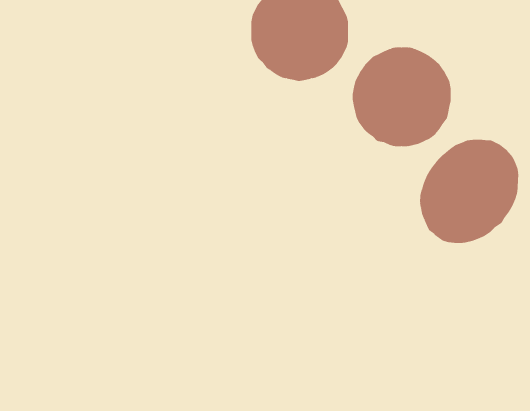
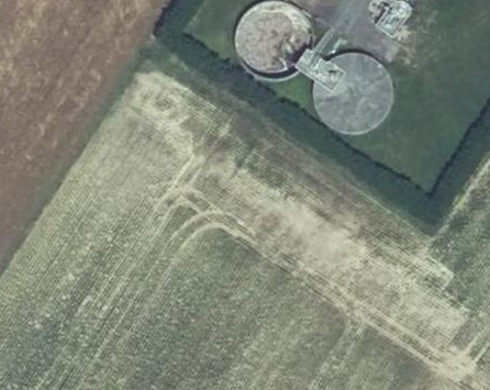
building: [420,139,519,244] -> none

